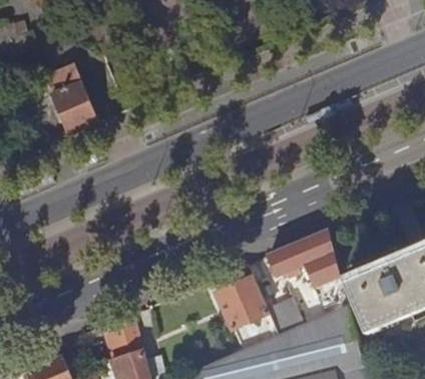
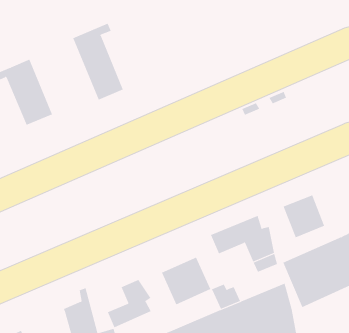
building: none -> [72,23,123,100]
building: none -> [283,194,325,238]
building: none -> [107,279,152,328]

